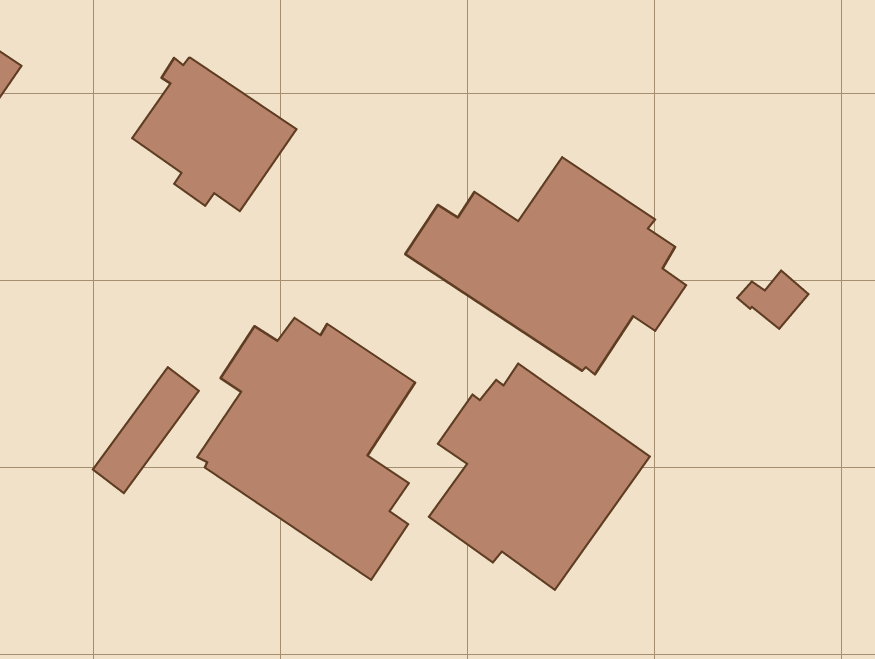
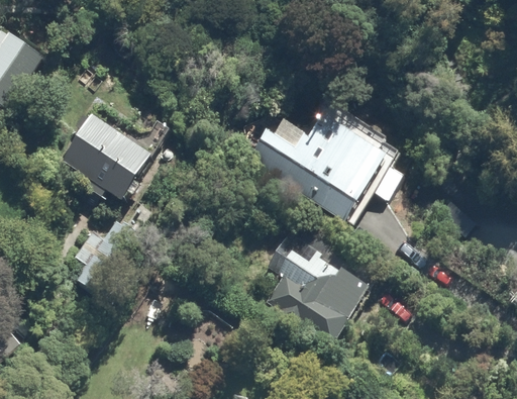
building: [132,58,296,211] -> [61,114,151,199]
building: [197,318,415,580] -> none

